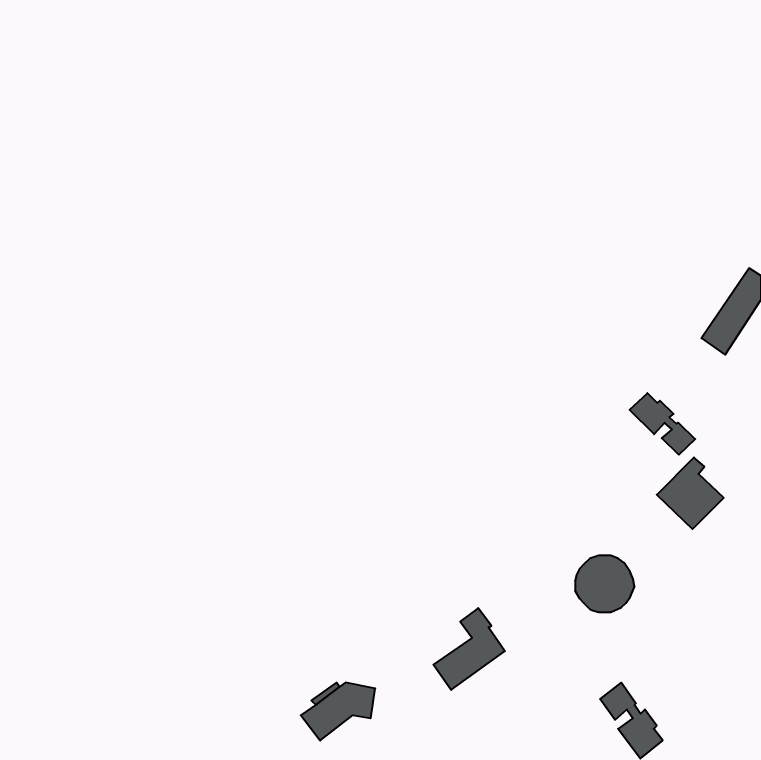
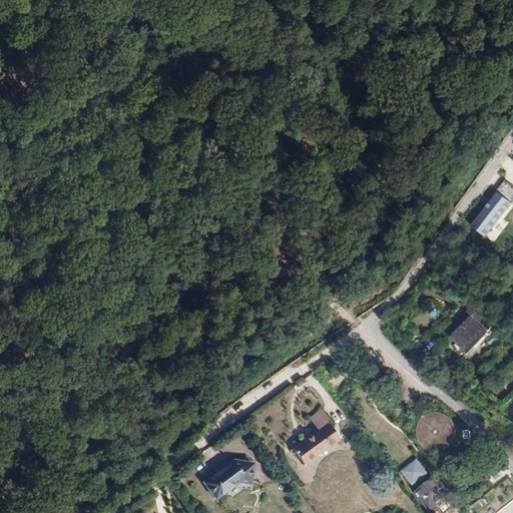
building: [630,393,695,455] -> none
building: [575,555,635,612] -> [417,412,457,450]

